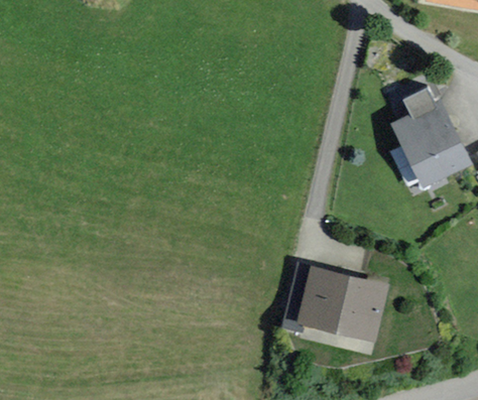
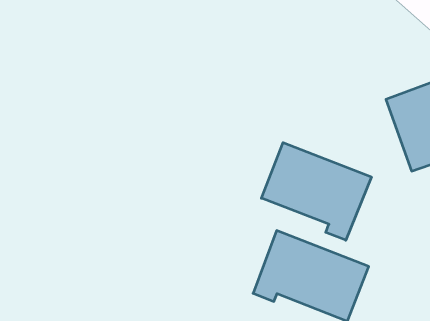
building: none -> [261,143,371,240]

